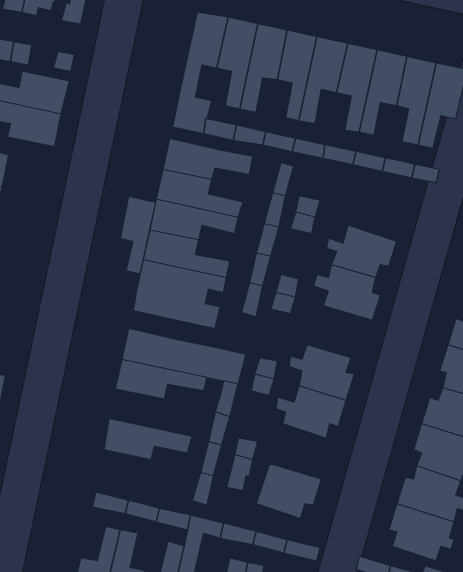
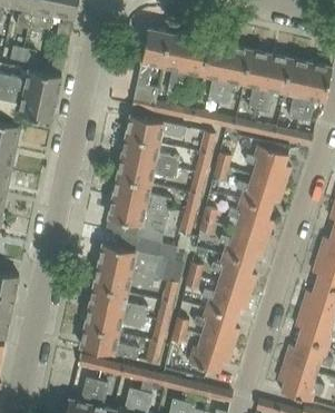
building: none -> [244,145,289,184]
building: [120,196,156,274] -> none
building: none -> [218,227,267,263]
building: none -> [88,284,147,316]
building: none -> [194,307,238,345]
building: none -> [80,325,138,357]

